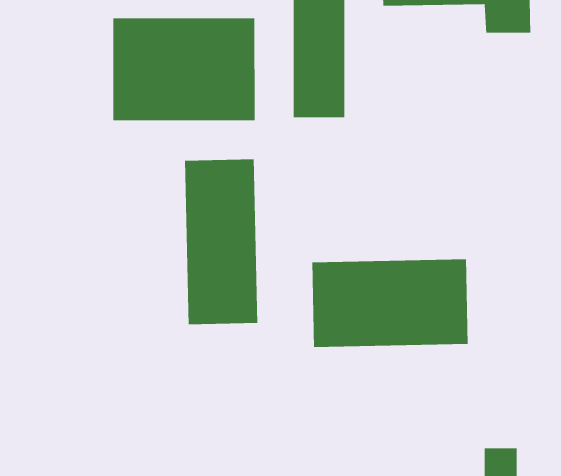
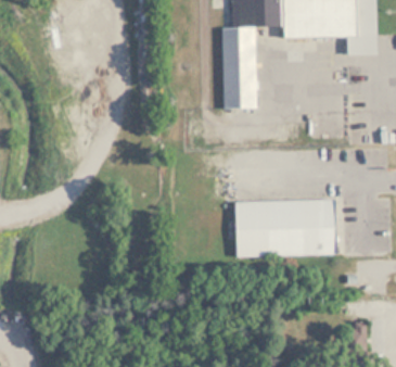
building: [112,17,255,121] -> none
building: [184,158,258,325] -> none

